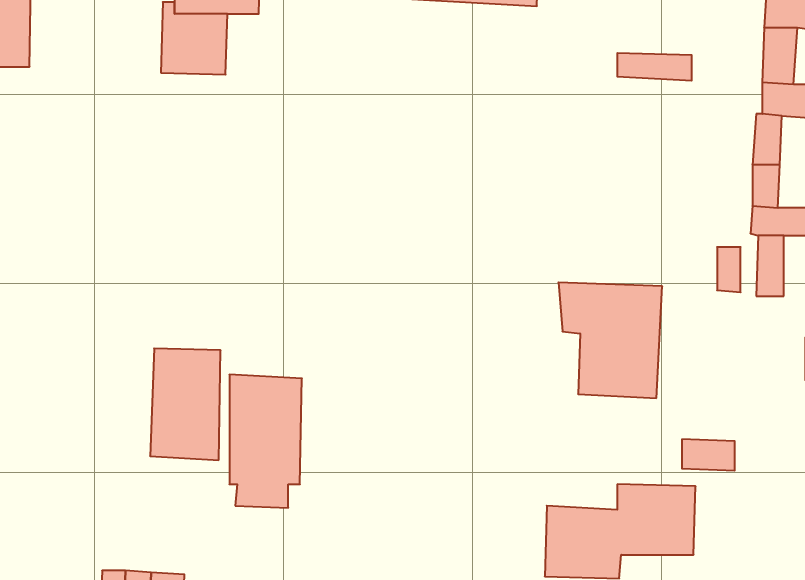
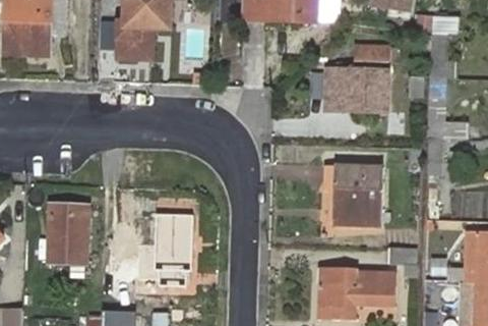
building: none -> [328,70,386,110]
building: [150,348,221,460] -> [50,204,86,262]

